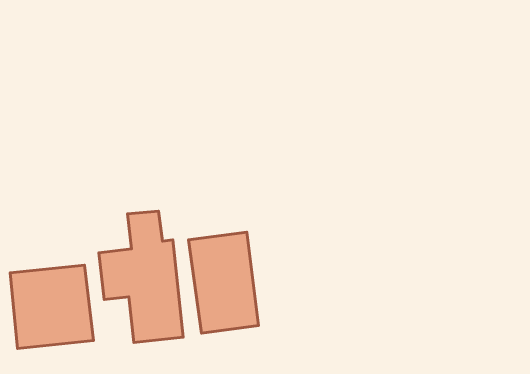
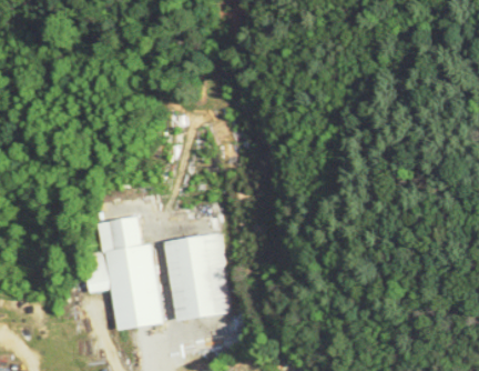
building: [10,265,93,349] -> none

